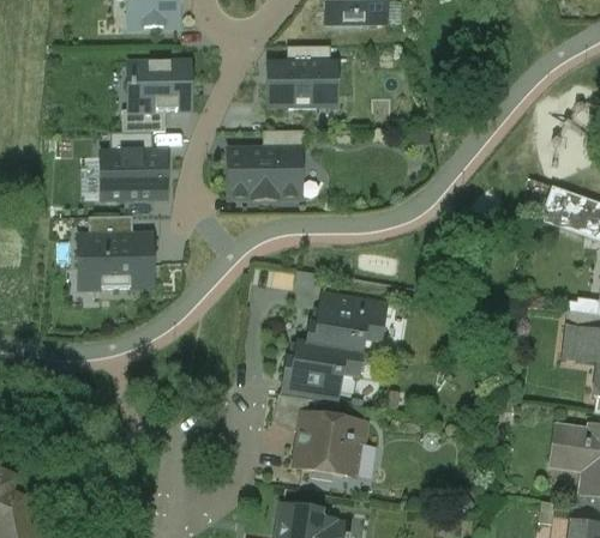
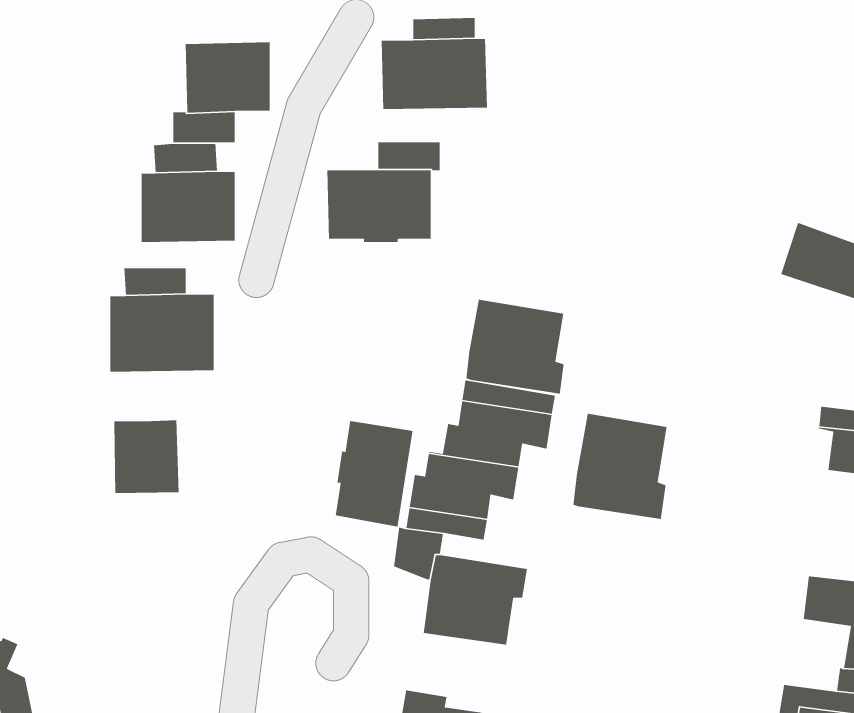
building: none -> [465,299,565,394]
building: none -> [572,413,668,520]
building: none -> [114,419,179,494]
building: none -> [335,420,413,527]

